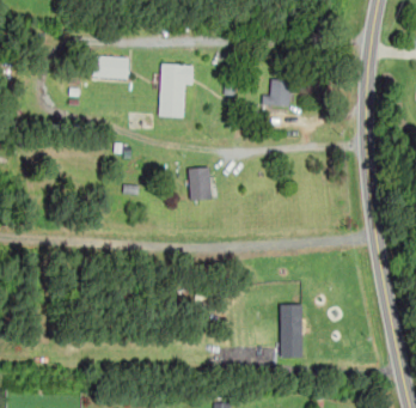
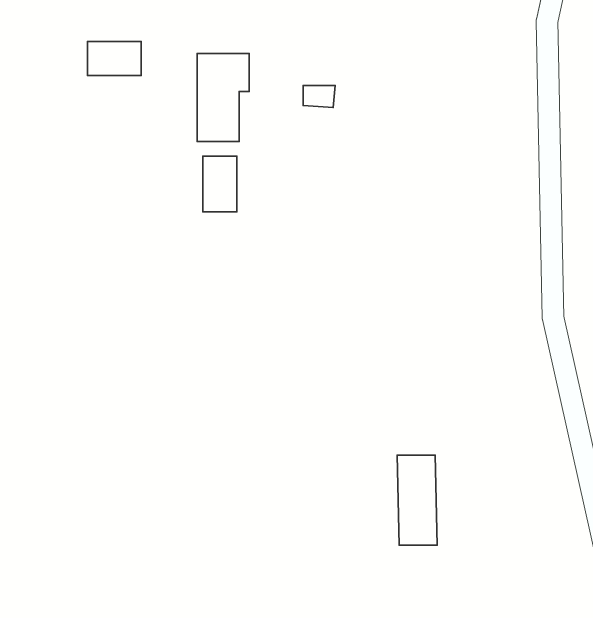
building: [262,80,290,106] -> none
building: [190,168,210,201] -> [203,156,237,212]

